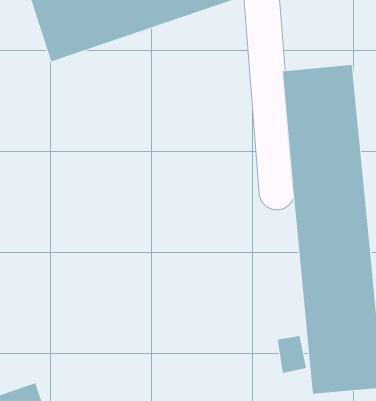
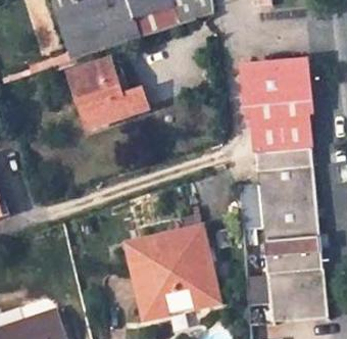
building: none -> [71,59,149,128]
building: none -> [126,228,218,320]

